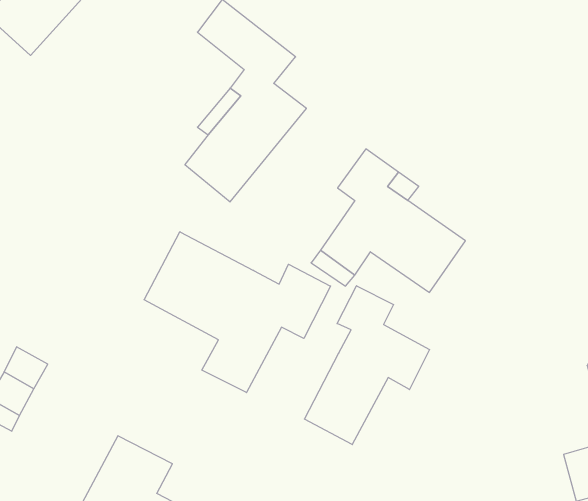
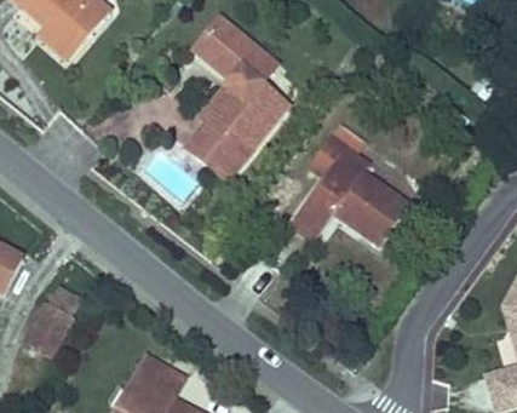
building: [144,232,331,393] -> none
building: [304,286,430,445] -> none

